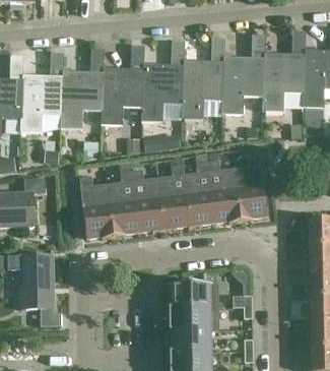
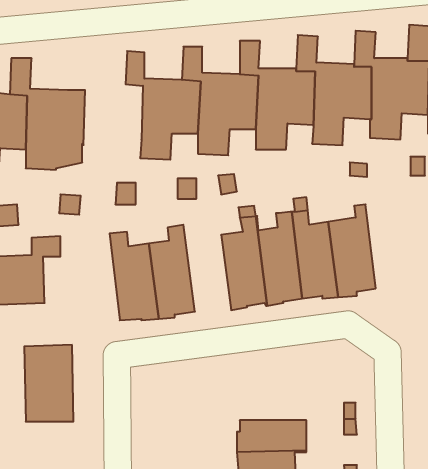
building: [50,52,103,128] -> none
building: [131,169,164,231] -> none
building: [169,284,217,307] -> none

